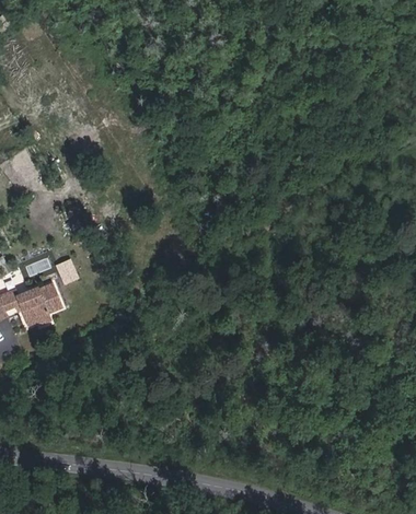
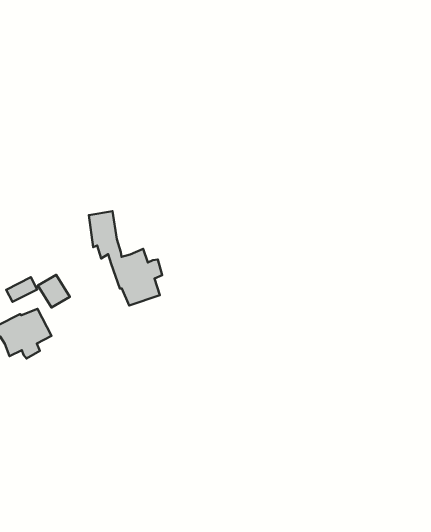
building: none -> [89,211,162,305]

